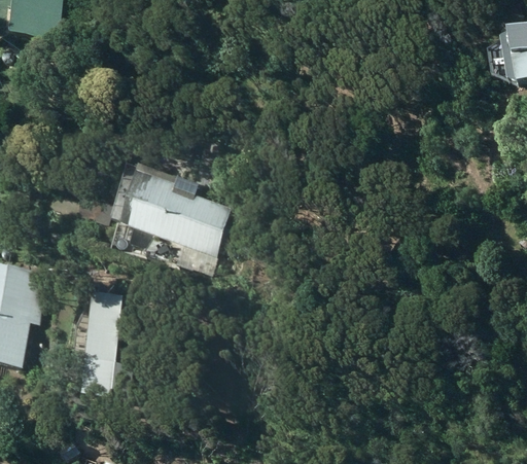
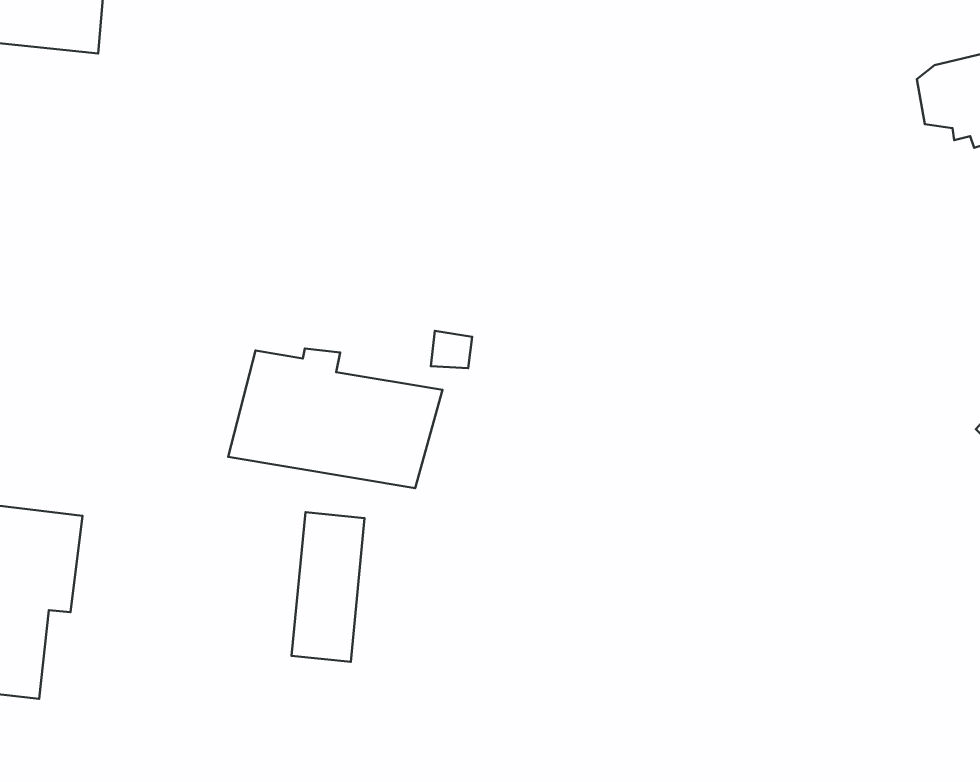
building: [83,301,121,380] -> [292,512,364,662]

